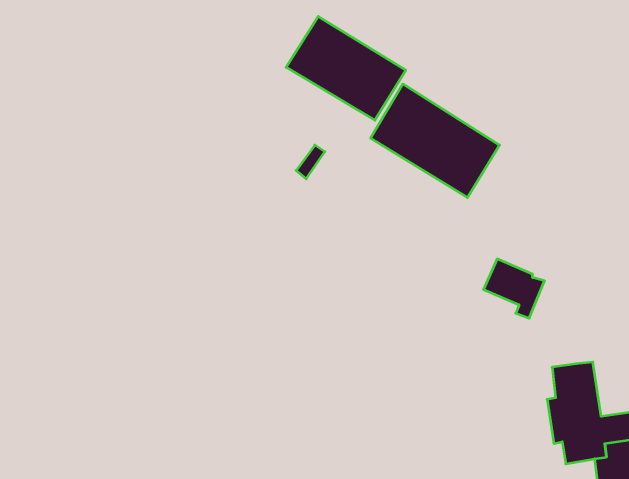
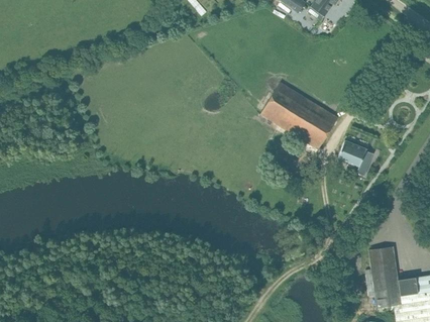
building: [286,16,406,120] -> none
building: [483,259,545,318] -> [337,140,373,176]

